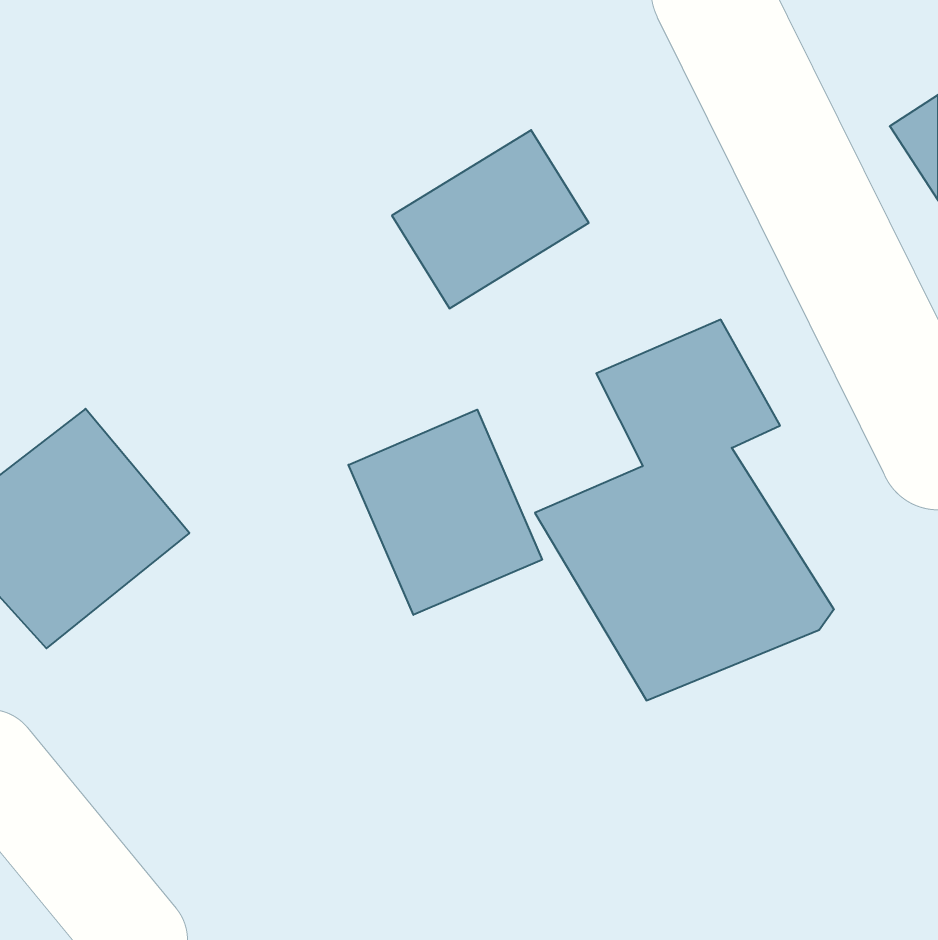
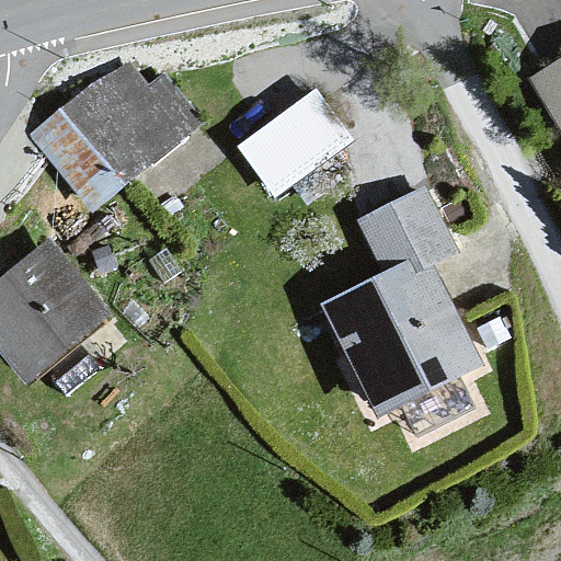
building: none -> [25,57,194,221]
building: [348,410,542,615] -> none

